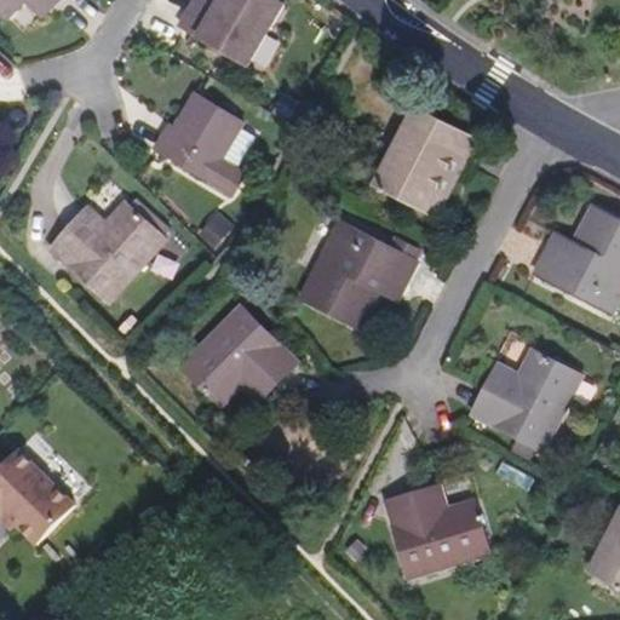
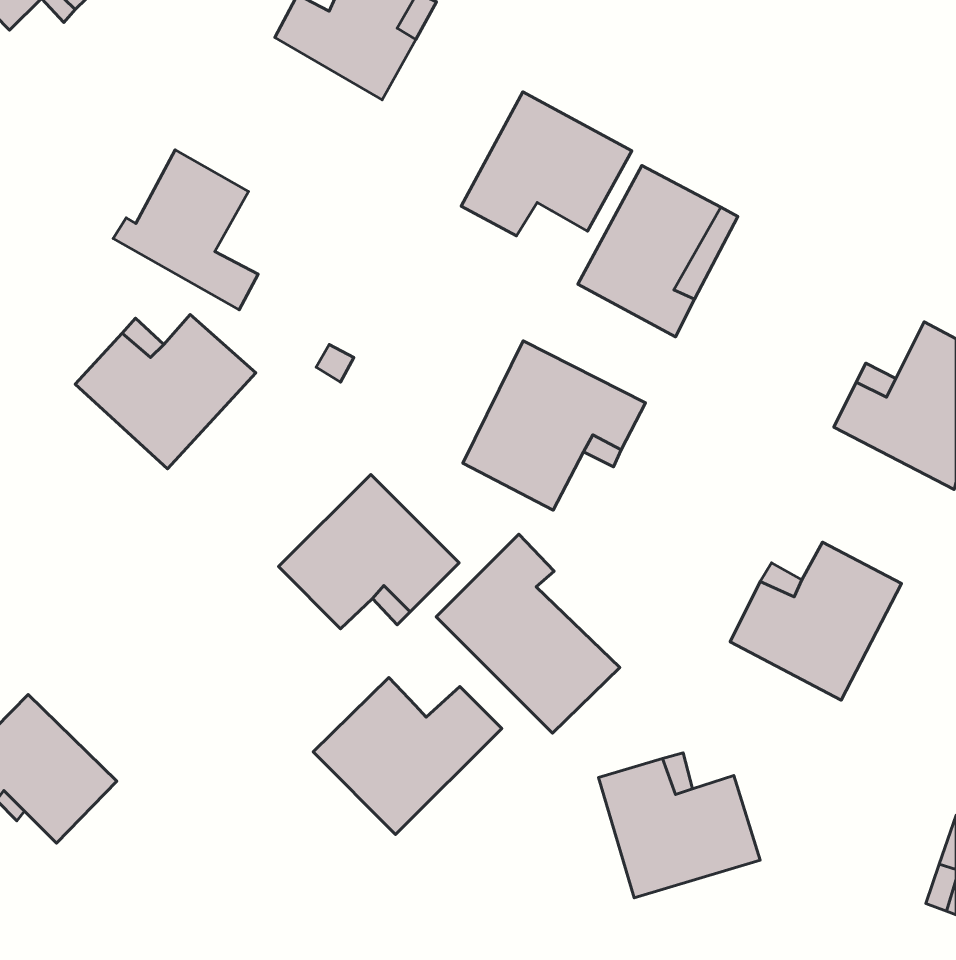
building: none -> [461,92,632,236]
building: [154,93,247,196] -> [113,150,258,310]
building: none -> [436,534,620,733]
building: none -> [313,677,502,835]

